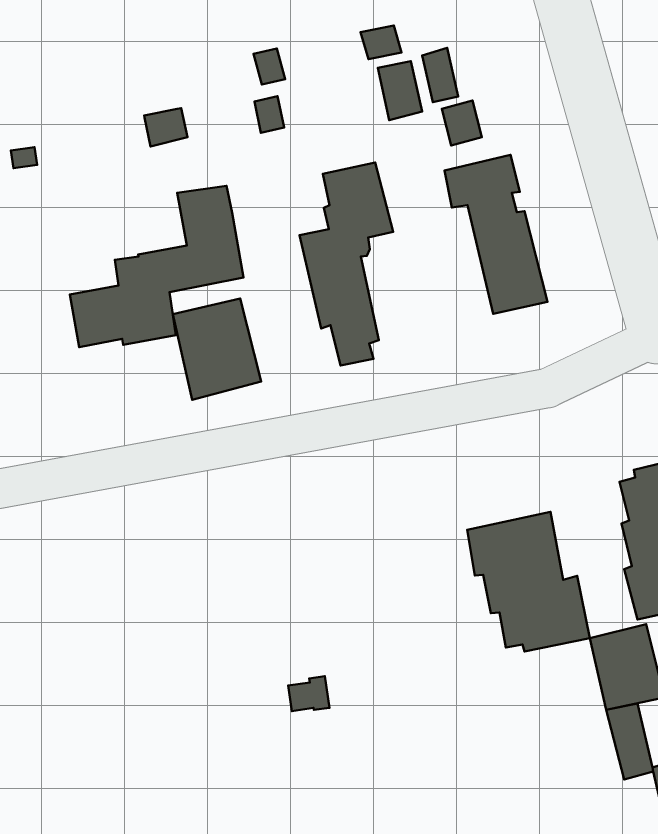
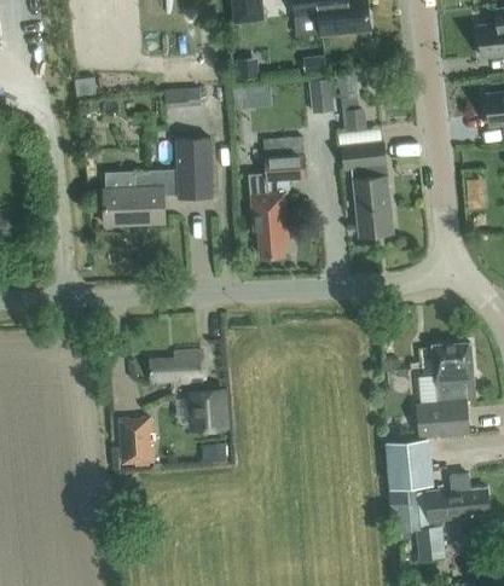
building: [173,299,261,400] -> none
building: [467,512,590,651] -> none
building: none -> [152,353,227,431]
building: none -> [118,414,156,464]

